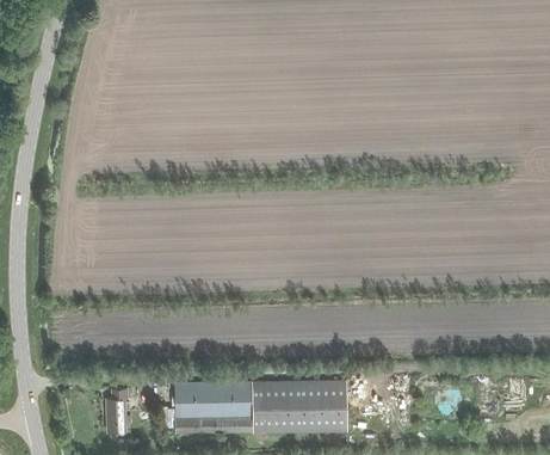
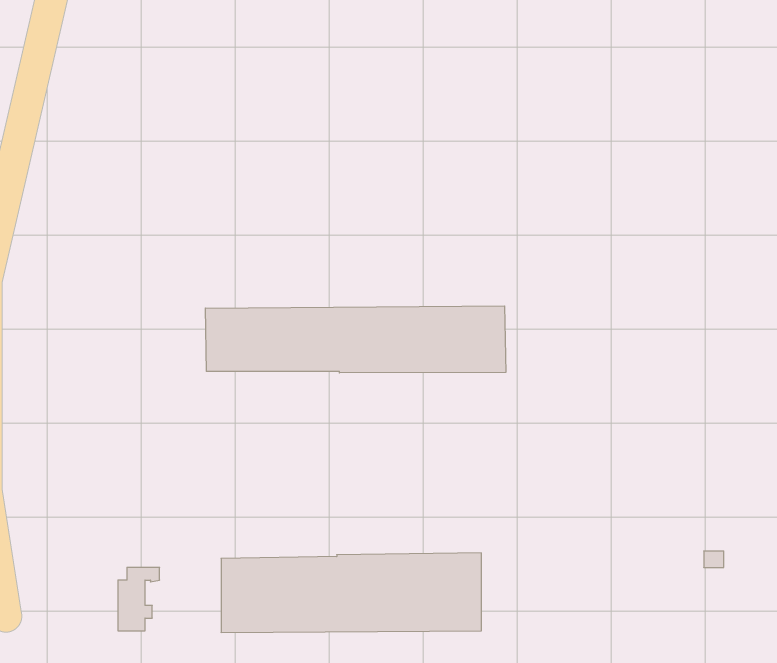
building: none -> [205,306,506,373]

